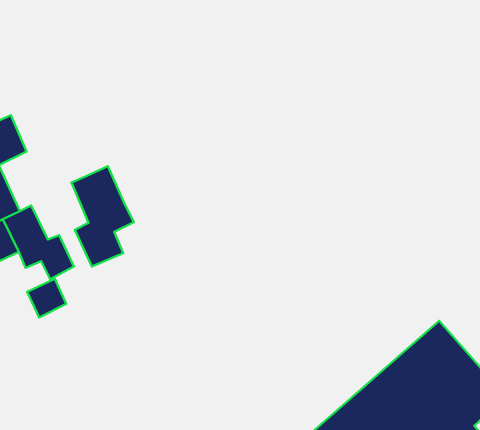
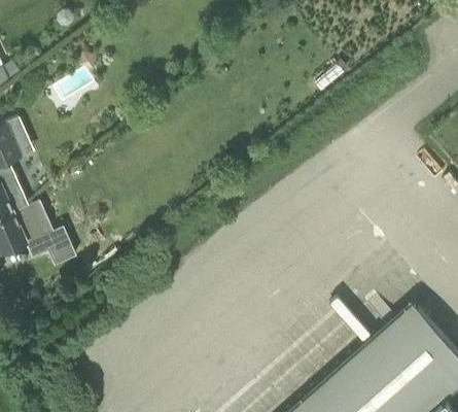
building: [71,166,134,266] -> none
building: [27,279,66,317] -> none

